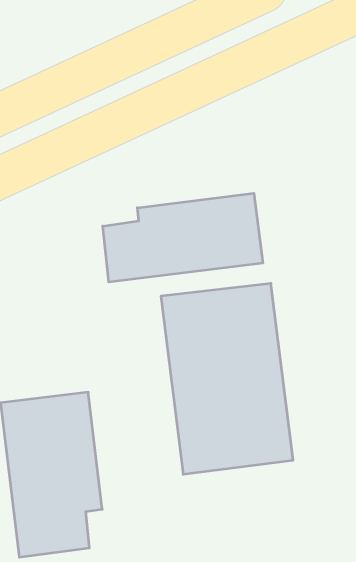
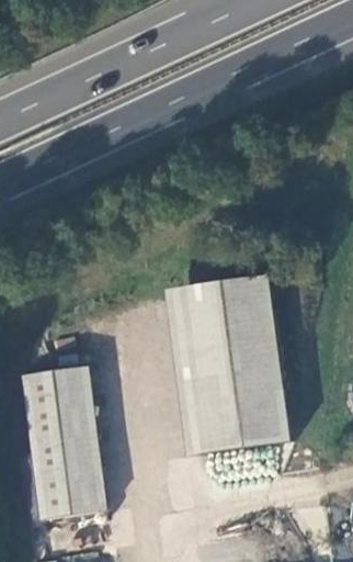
building: [103,193,263,282] -> none

